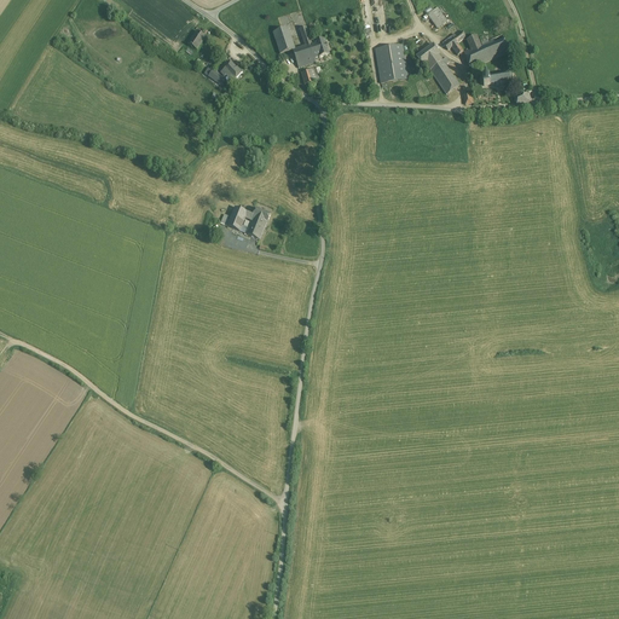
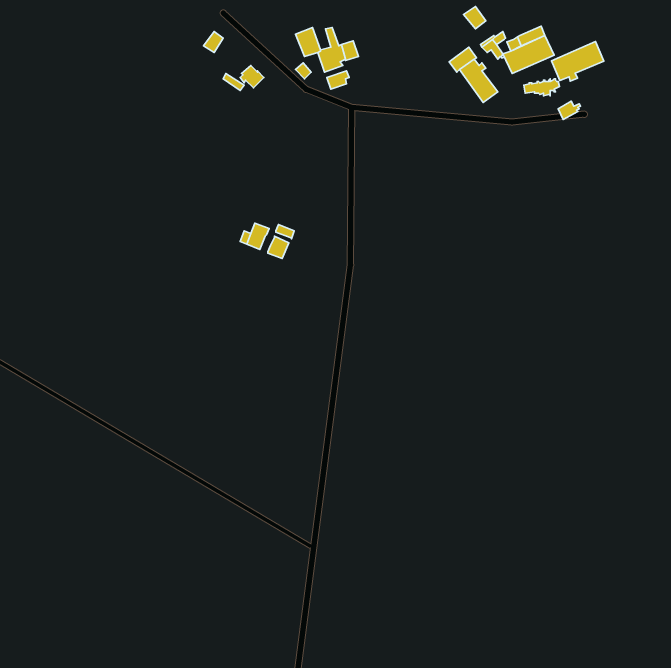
building: none -> [551,42,604,81]
building: [372,45,406,85] -> none

